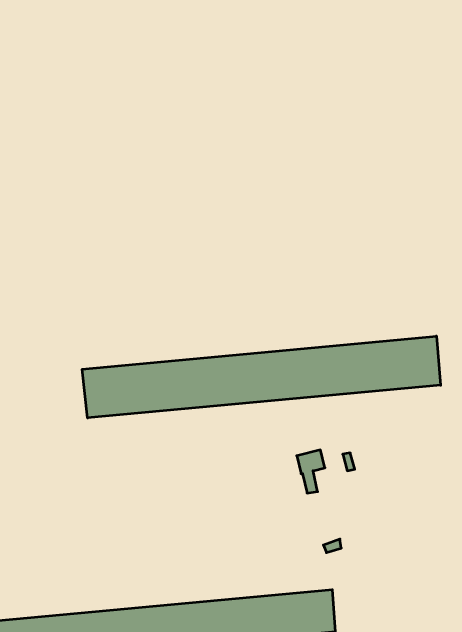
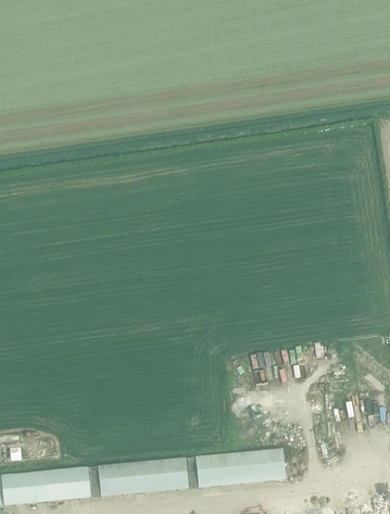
building: [82,336,441,418] -> none

